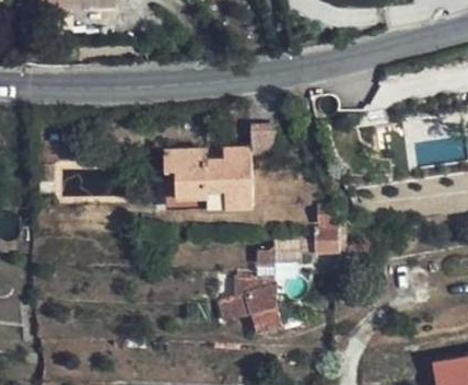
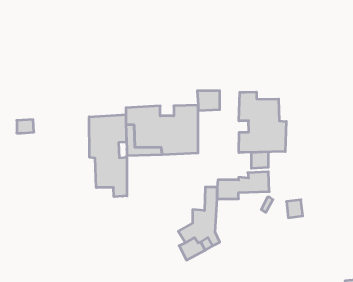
building: none -> [239,92,286,153]
building: none -> [89,115,127,197]

